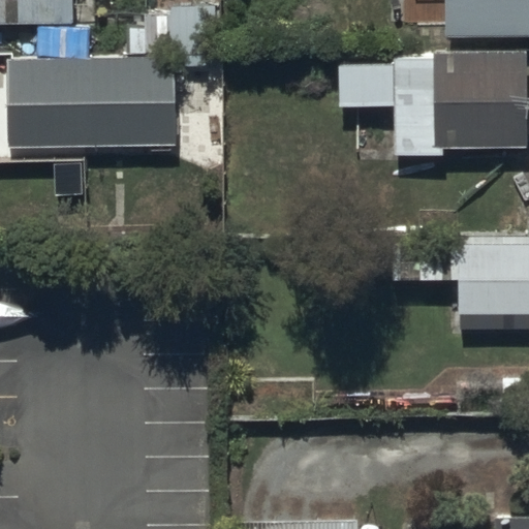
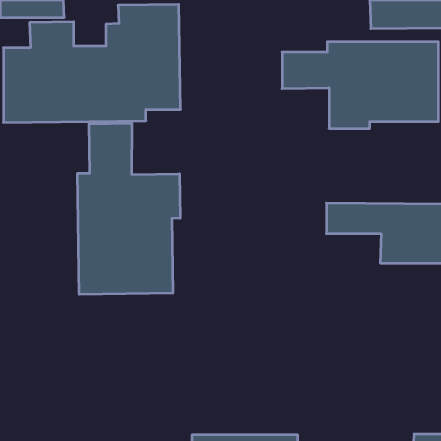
building: none -> [78,123,180,294]

